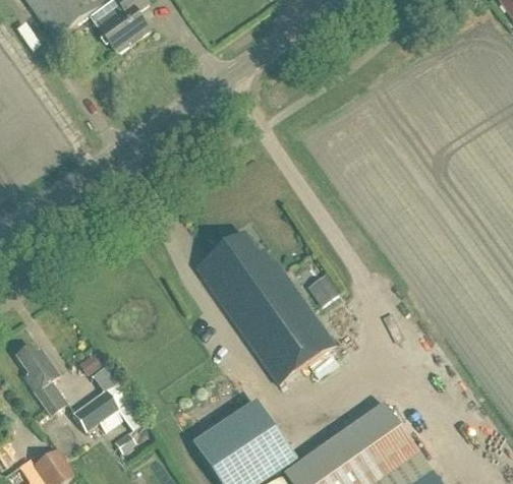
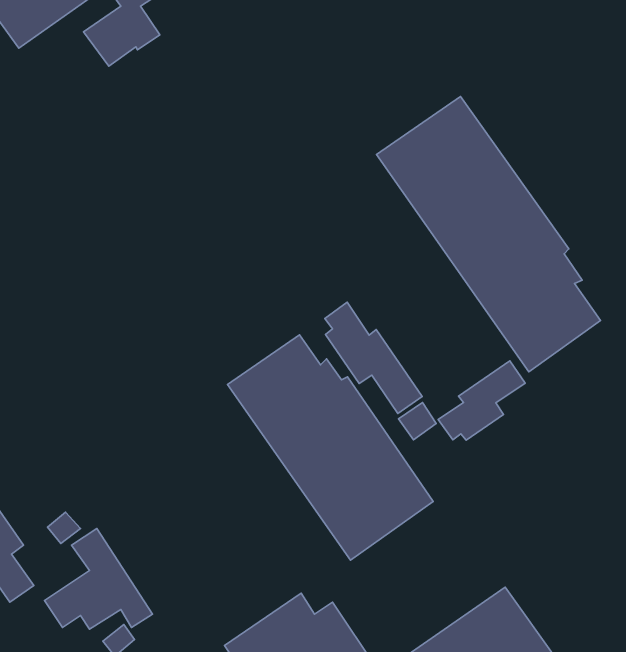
building: none -> [377,96,600,372]
building: none -> [325,302,422,414]
building: none -> [438,361,525,440]

